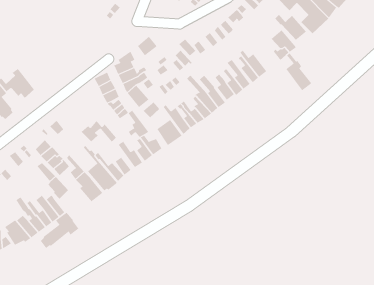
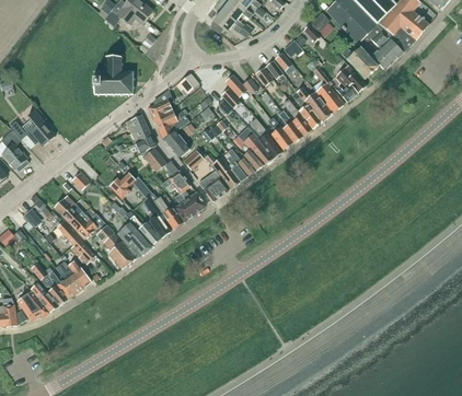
building: none -> [93,57,132,94]
building: [285,53,312,91] -> [312,67,344,113]
building: [40,212,79,249] -> none

